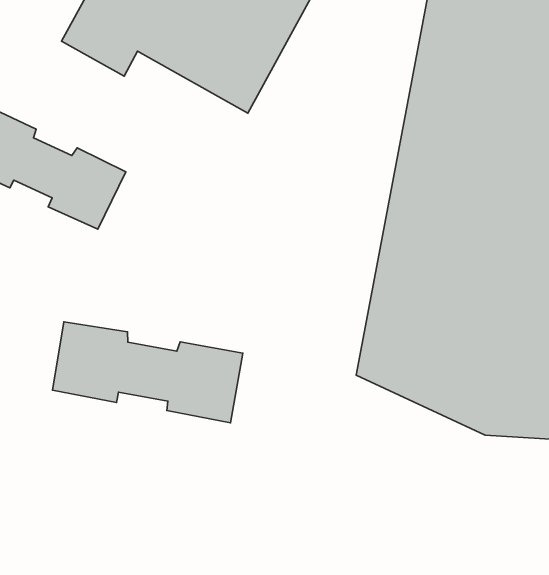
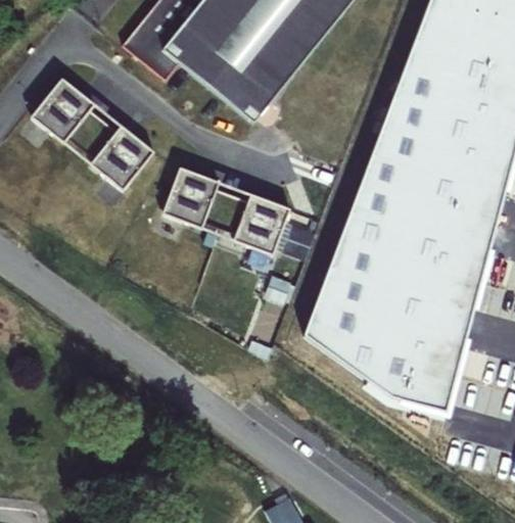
building: none -> [166,165,293,252]
building: [53,322,243,423] -> none

